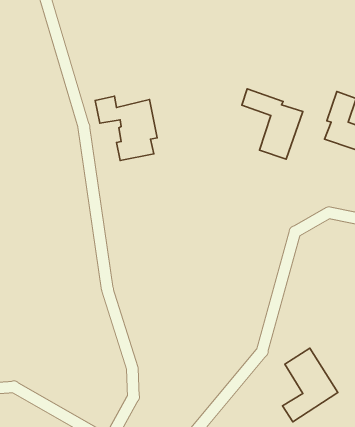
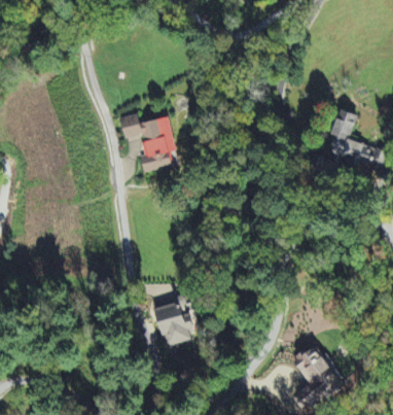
building: [242,89,303,159] -> none
building: none -> [153,295,199,345]

